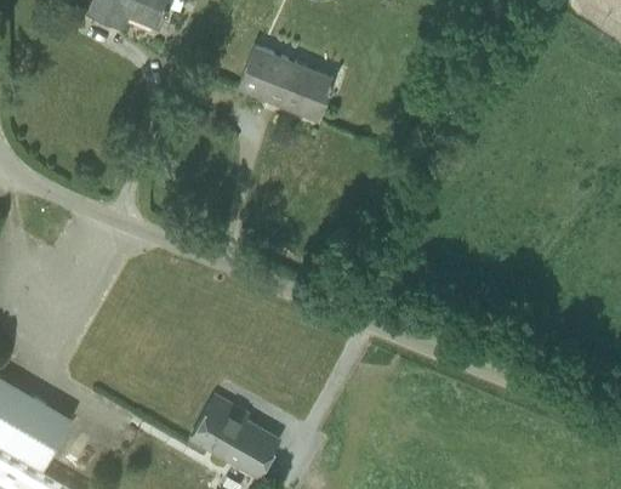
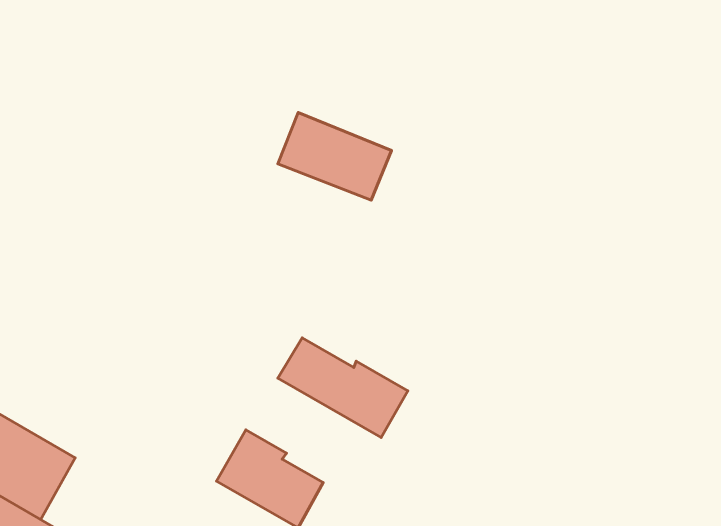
building: [238,47,332,120] -> [278,113,392,200]
building: none -> [278,338,408,437]

